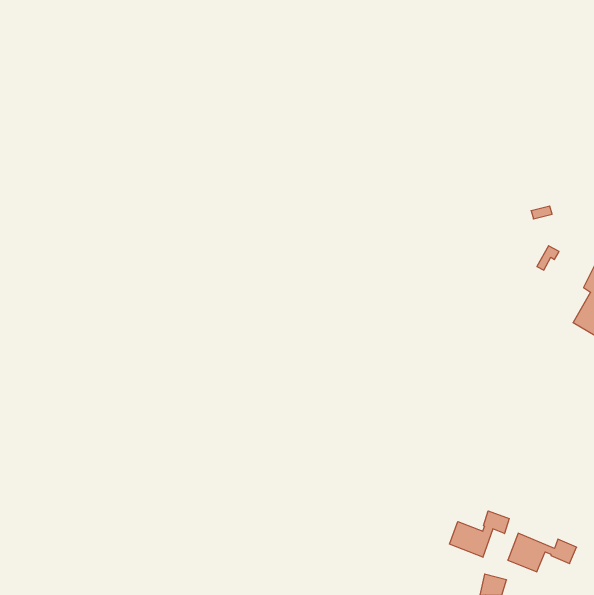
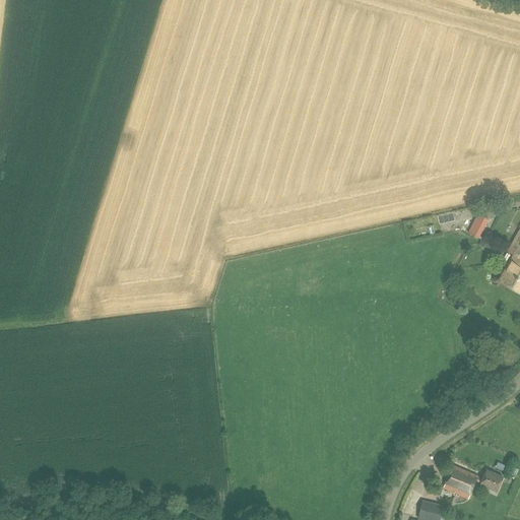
building: [449,511,509,557] -> none

